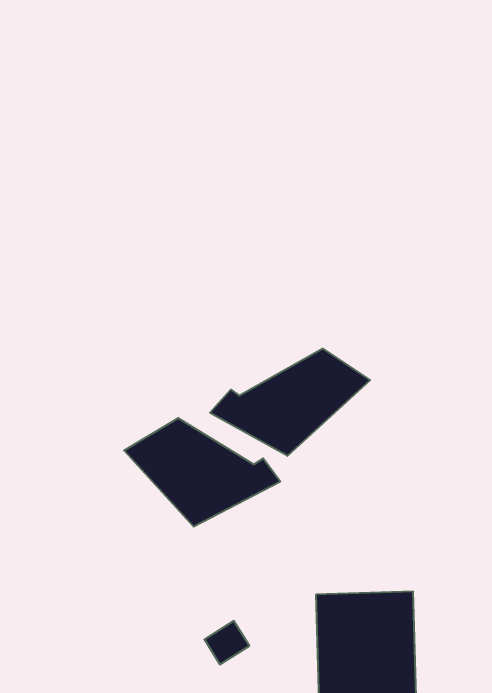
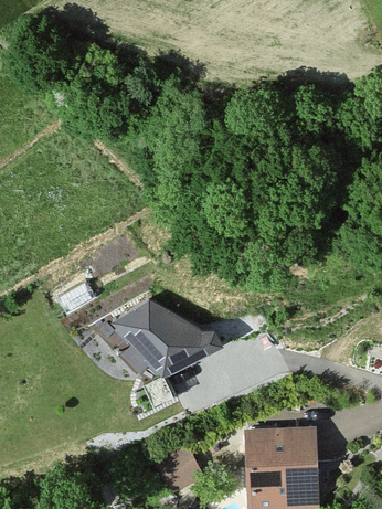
building: [210,349,370,456] -> none

